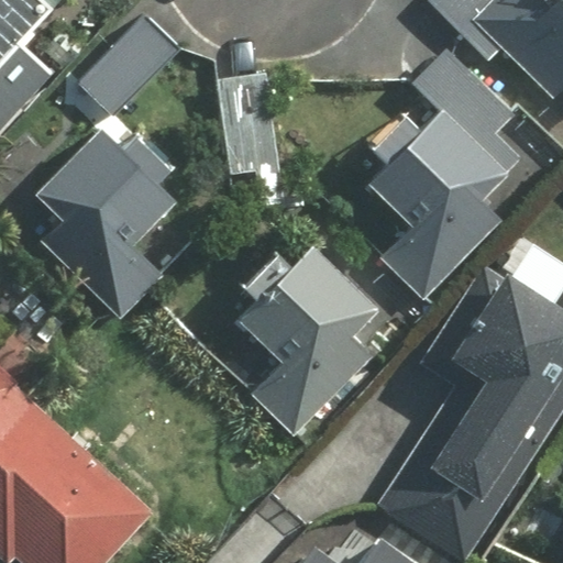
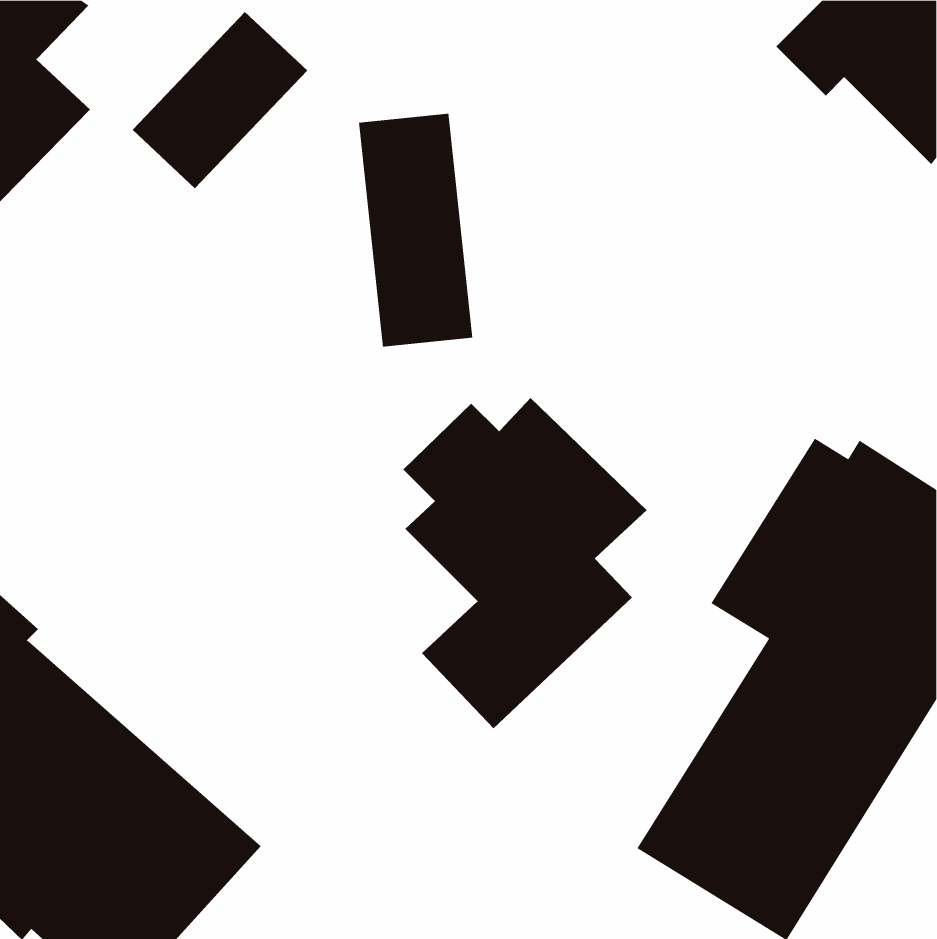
building: [366,104,511,301] -> none
building: [37,125,180,319] -> none

